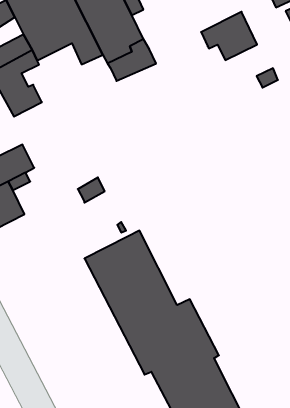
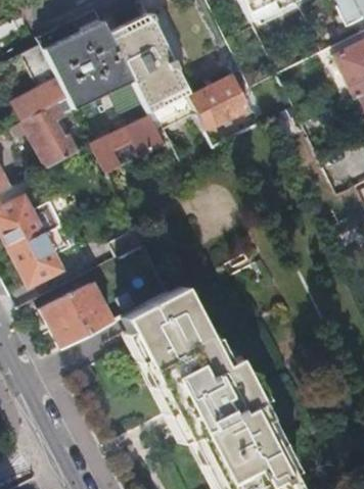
building: [201,12,257,60] -> [190,74,249,125]
building: none -> [91,115,163,170]
building: none -> [40,283,111,348]

